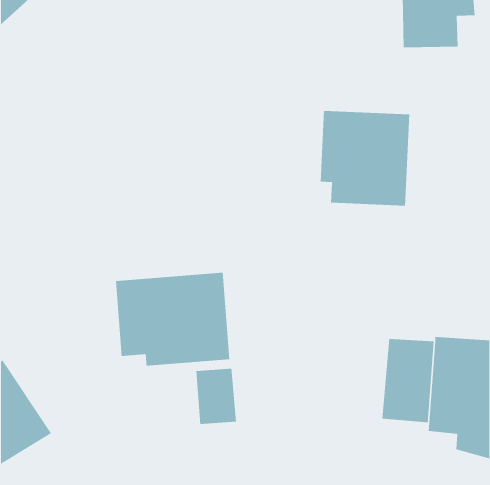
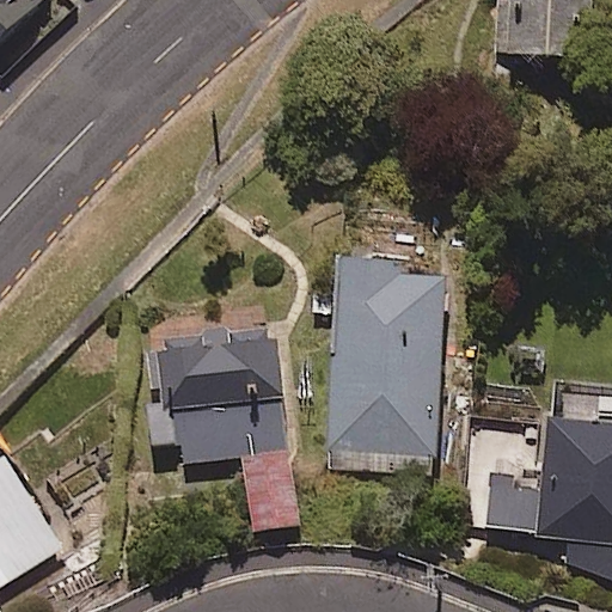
building: [320,110,410,206] -> none
building: none -> [329,261,442,454]

